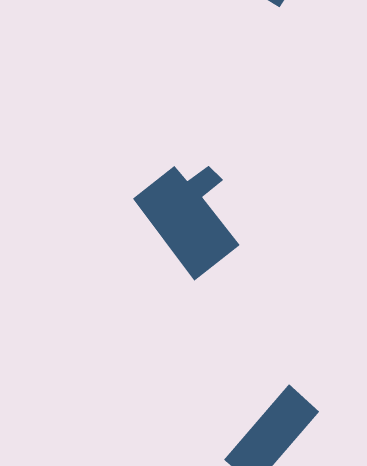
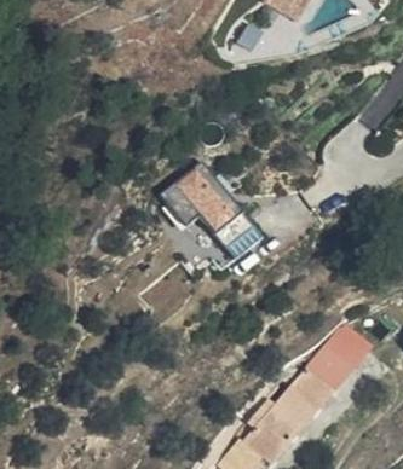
building: none -> [305,325,370,393]

